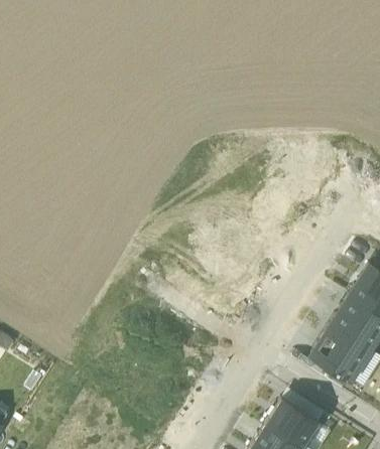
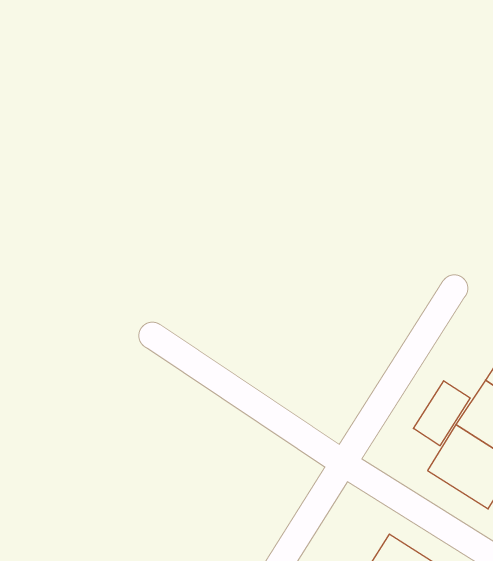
building: none -> [413,381,470,446]

